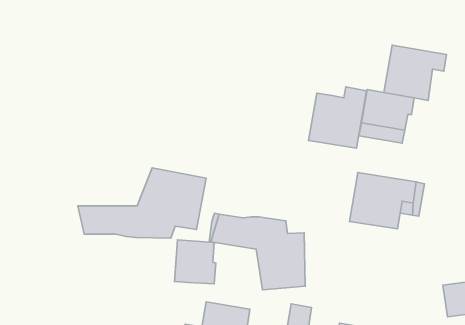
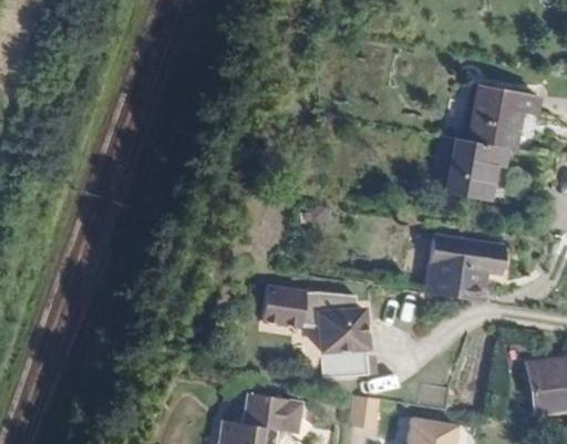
building: [308,87,366,148] -> none
building: [78,168,206,238] -> none
building: [174,240,216,284] -> none

